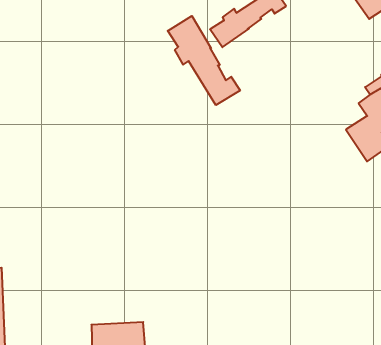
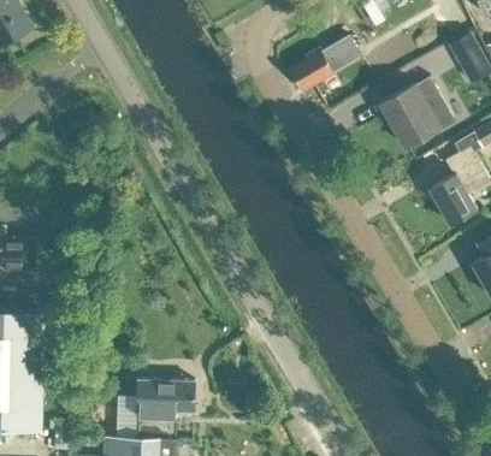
building: [168,16,240,105] -> none
building: none -> [380,78,455,148]

